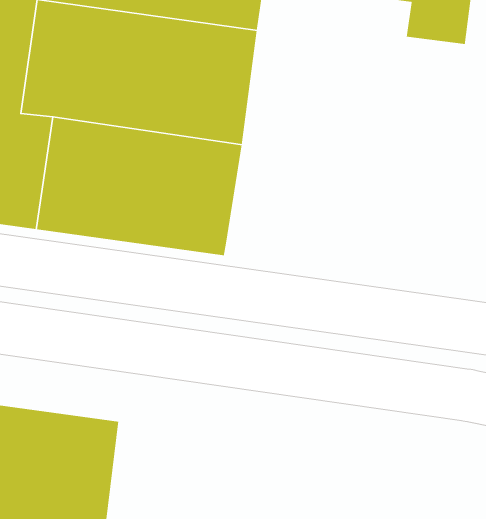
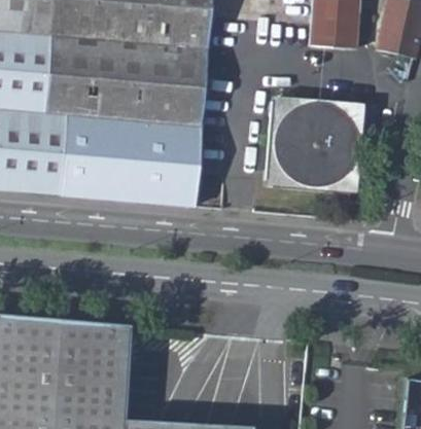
building: none -> [265,96,362,192]

